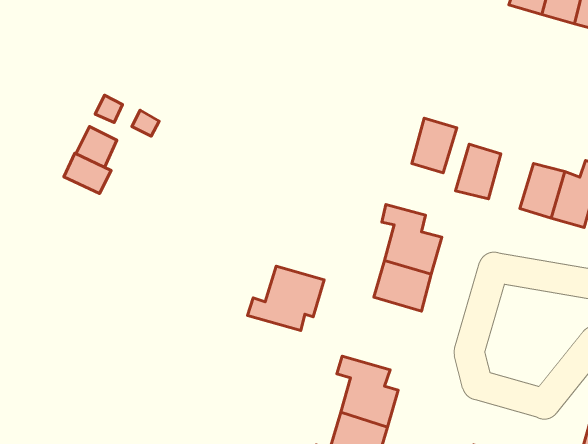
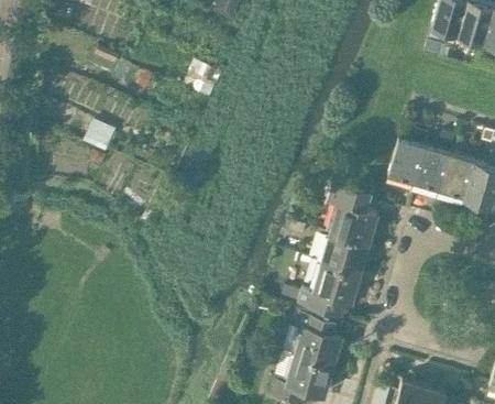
building: [412,118,457,173] -> [414,148,450,192]
building: [64,153,111,193] -> none
building: [248,266,324,331] -> [298,263,360,315]

